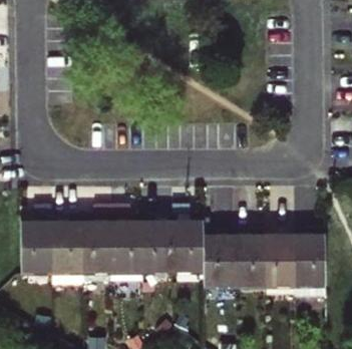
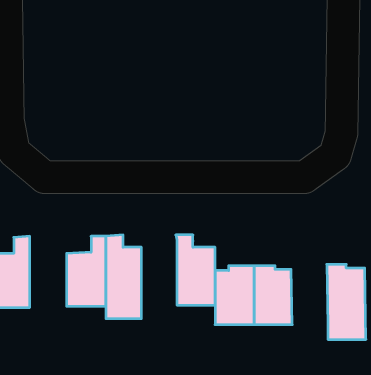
building: [141,215,170,268] -> none
building: [50,220,80,284] -> none
building: [264,235,294,284] -> none

